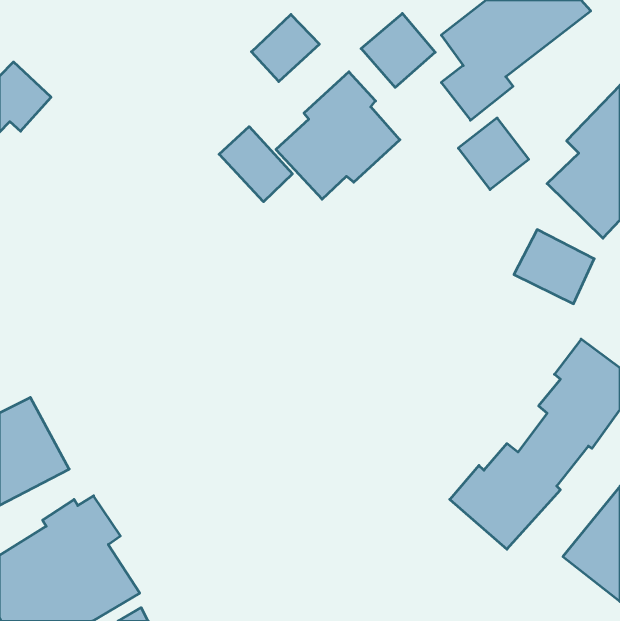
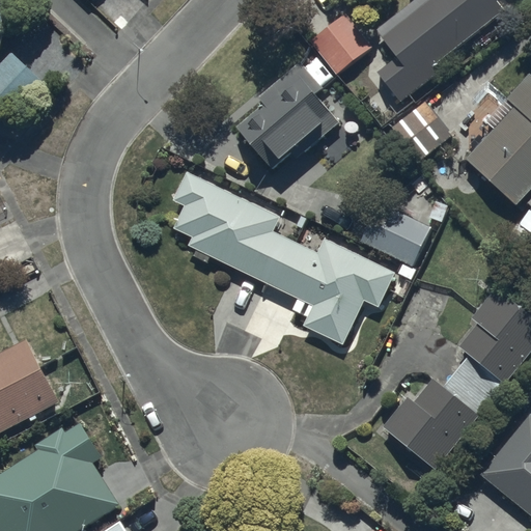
building: [251,14,319,82] -> none
building: [219,127,292,202] -> none
building: none -> [173,173,395,345]
building: [514,230,594,304] -> [360,202,428,266]

